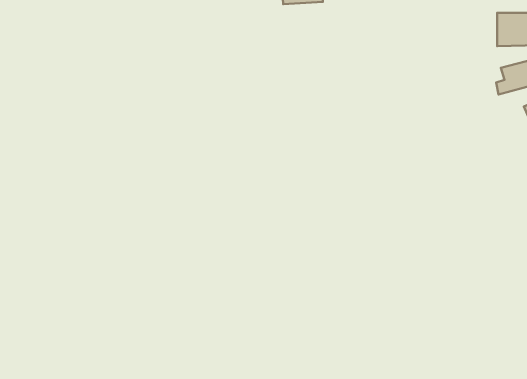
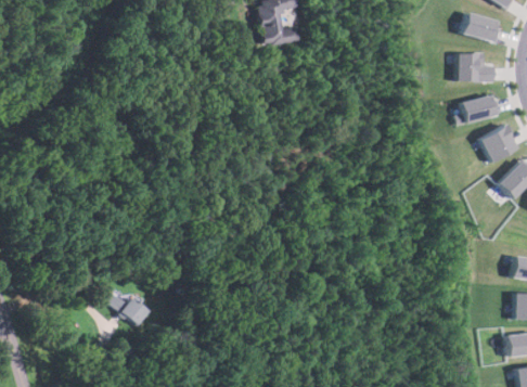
building: none -> [107,288,147,326]

